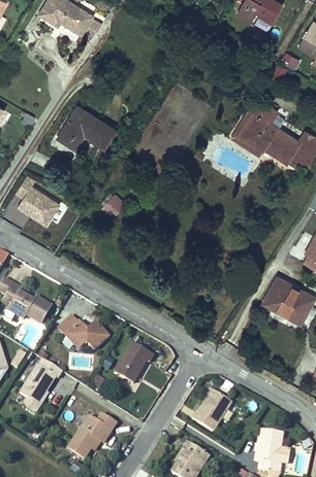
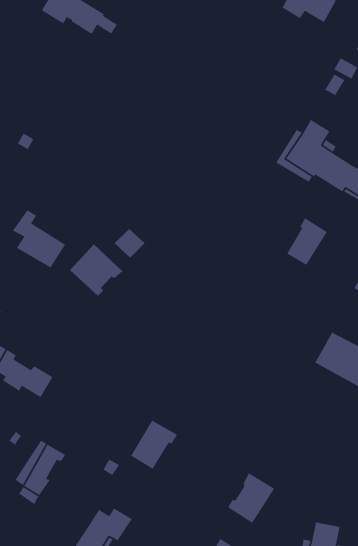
building: [58,104,115,146] -> none
building: none -> [286,217,328,266]
building: none -> [69,243,123,297]
building: [57,321,106,354] -> none

